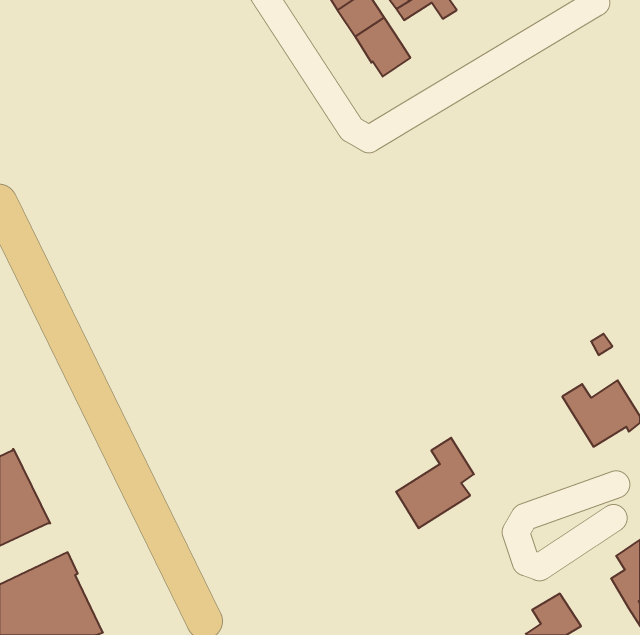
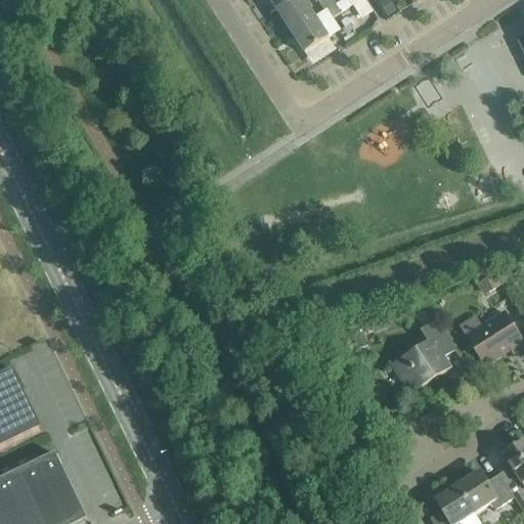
building: [396,438,474,528] -> [391,318,454,392]
building: none -> [456,470,513,511]

